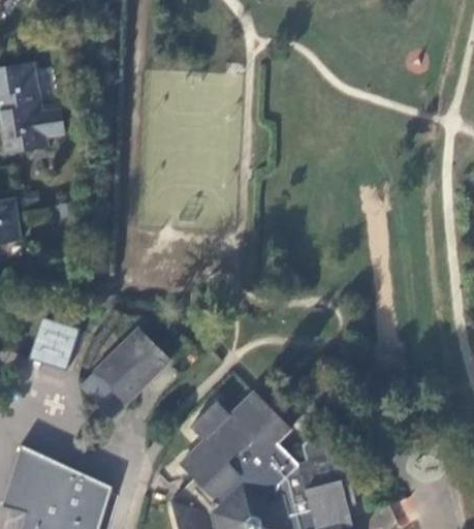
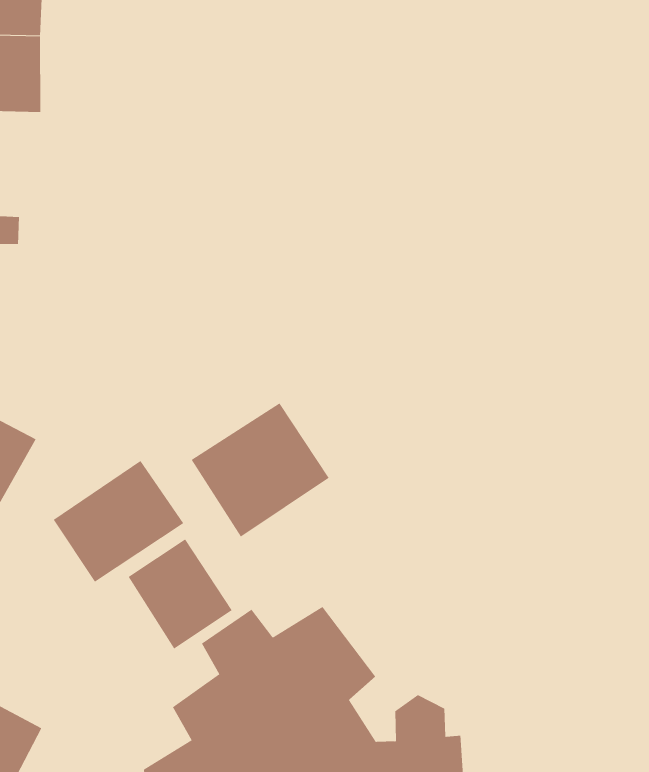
building: none -> [191,403,330,537]
building: none -> [128,538,233,650]

